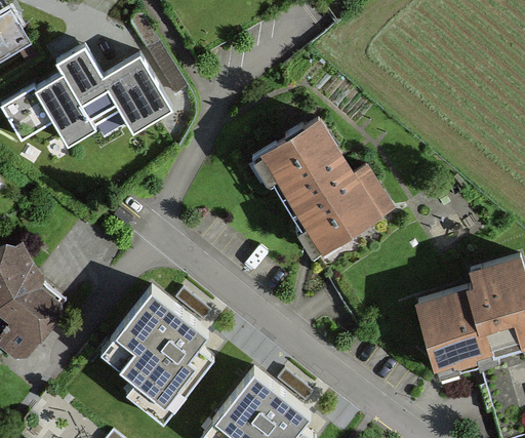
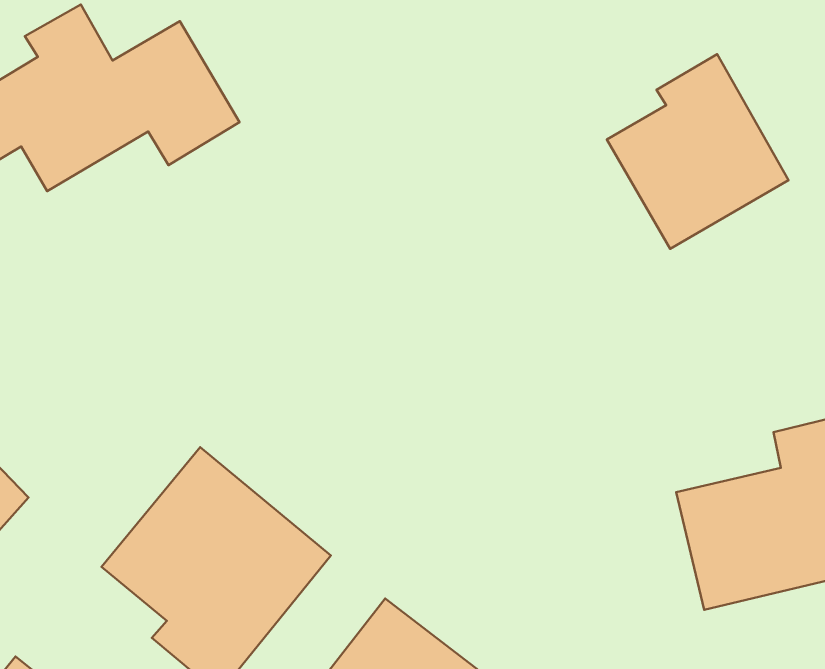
building: none -> [607,54,788,249]
building: [252,127,392,260] -> none

